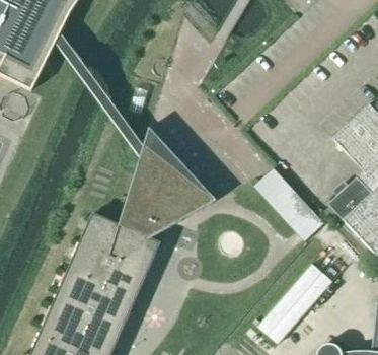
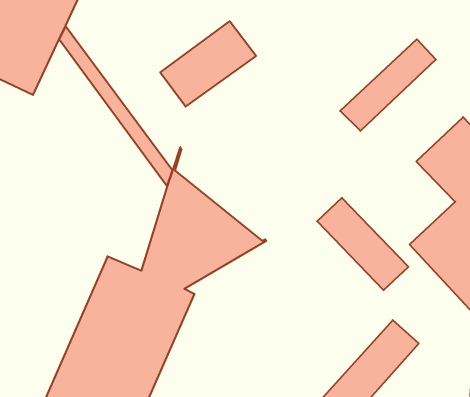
building: none -> [160,21,256,107]
building: none -> [340,39,436,131]

